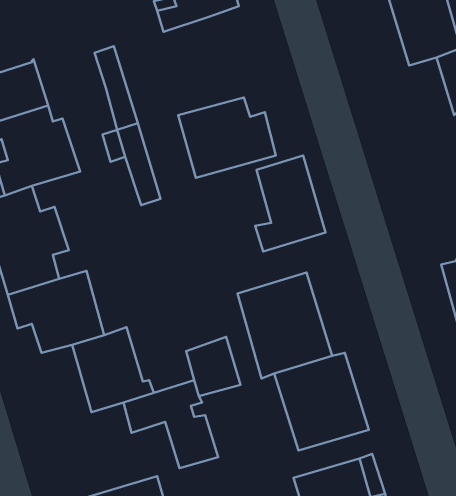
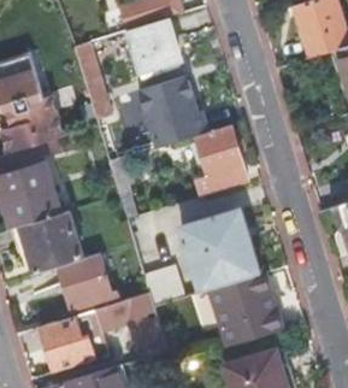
building: none -> [126,18,181,74]
building: none -> [40,310,102,374]

